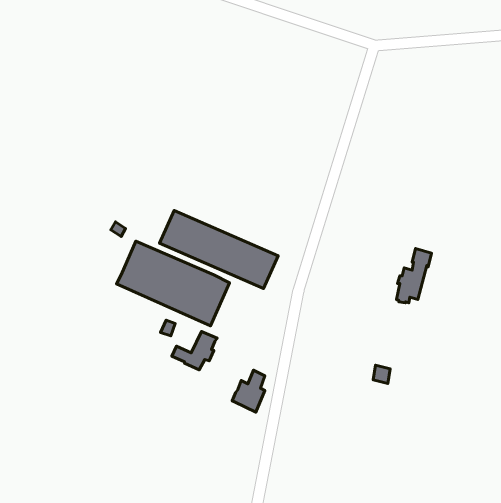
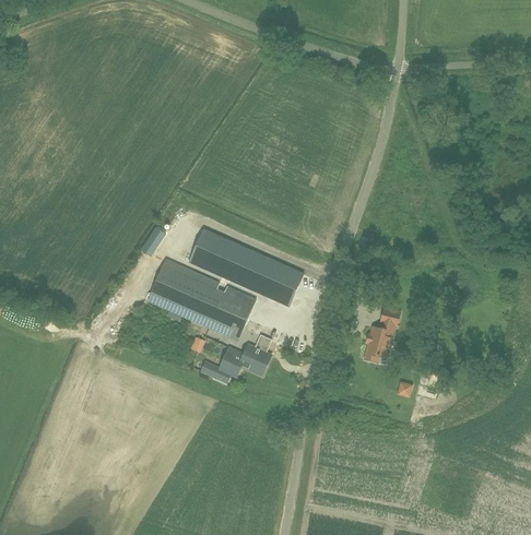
building: [396,249,431,303] -> [365,307,399,359]
building: [232,370,265,412] -> [238,333,270,373]

